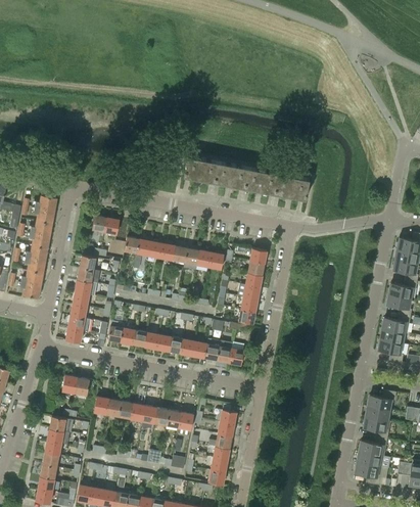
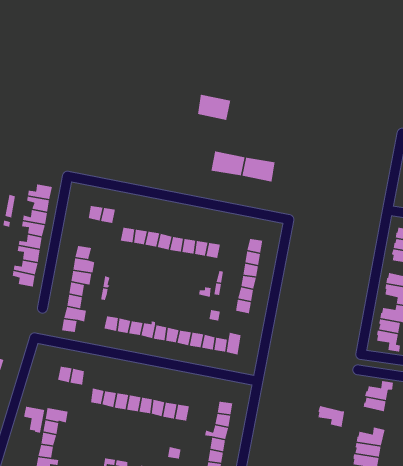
building: [184,155,218,182] -> [197,94,231,121]
building: [275,173,309,198] -> none
building: none -> [23,406,45,434]
building: [363,416,390,439] -> [317,405,345,428]

